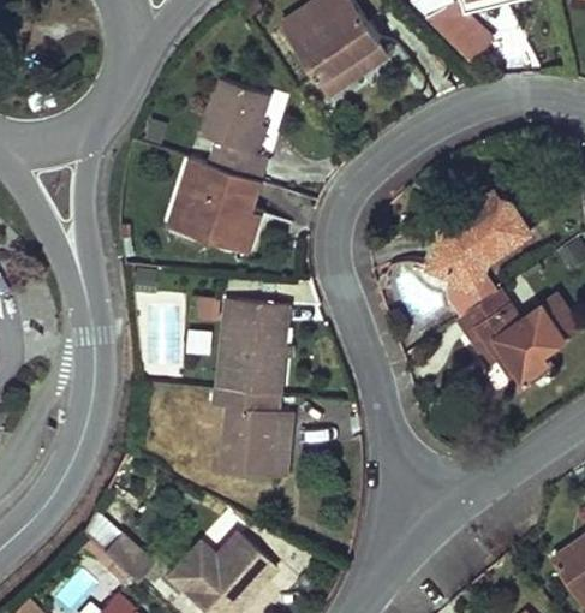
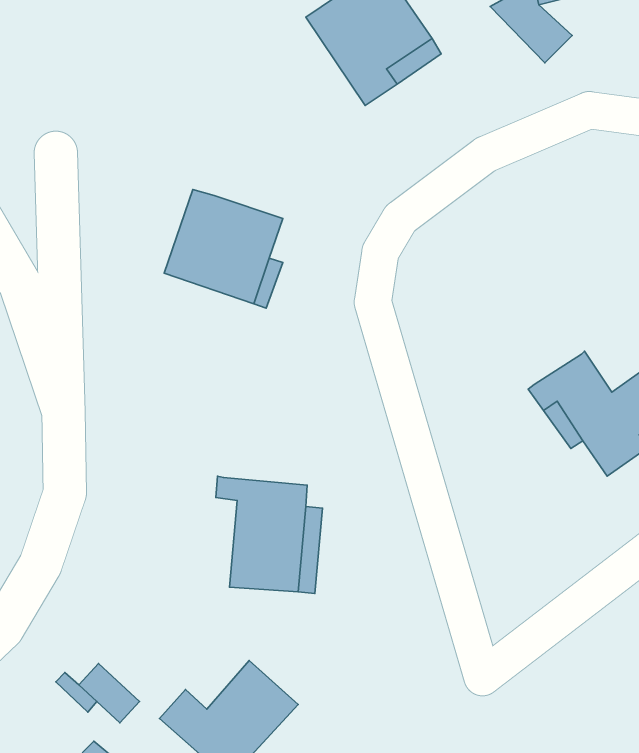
building: [202,79,273,183] -> none
building: [430,192,523,314] -> none
building: [216,298,289,393] -> none

